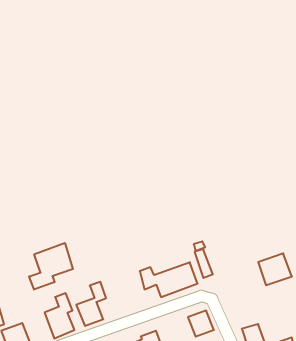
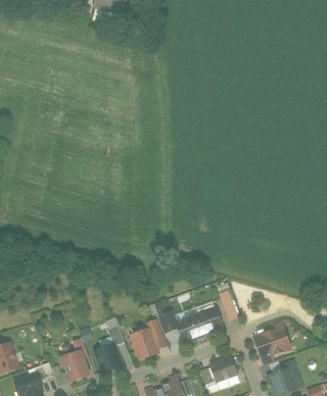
building: [29,243,73,290] -> none
building: [258,253,292,285] -> [258,325,293,358]
building: none -> [130,317,169,360]

